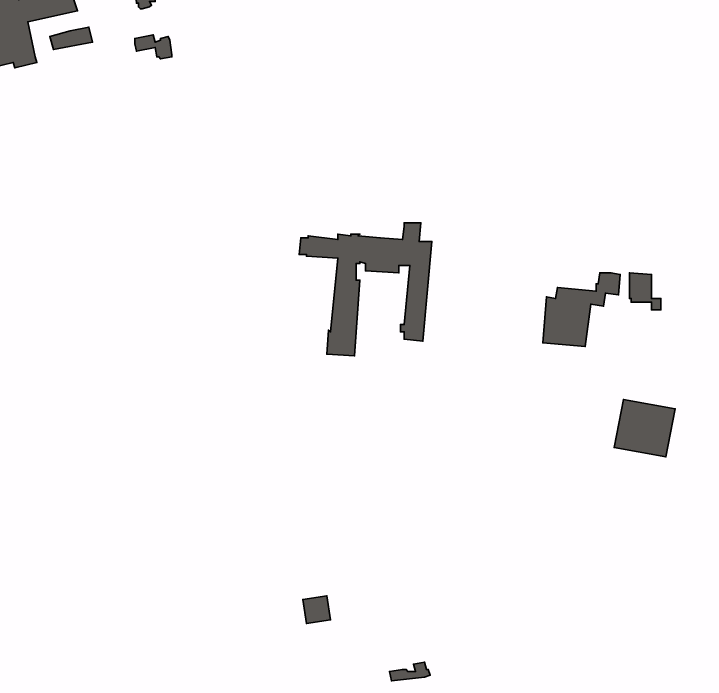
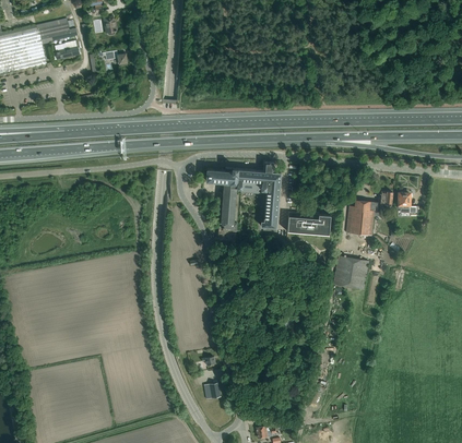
building: none -> [287,212,330,235]
building: [614,400,675,457] -> [333,255,369,289]

